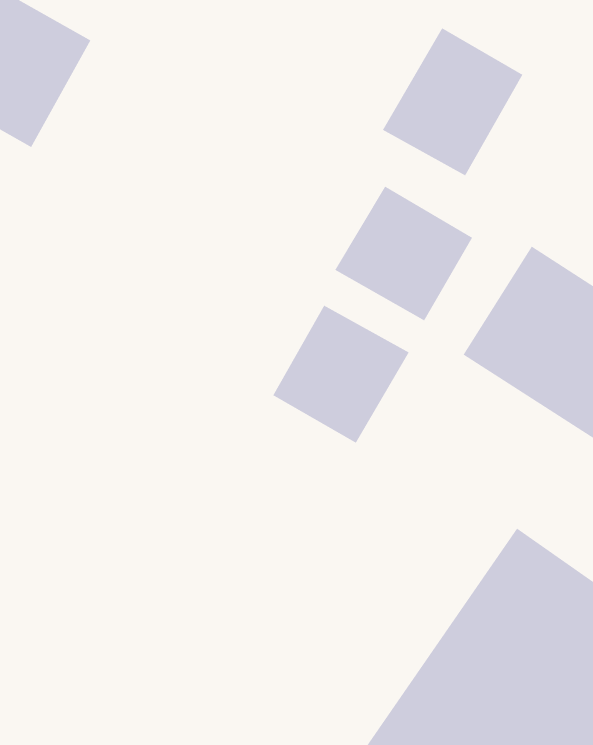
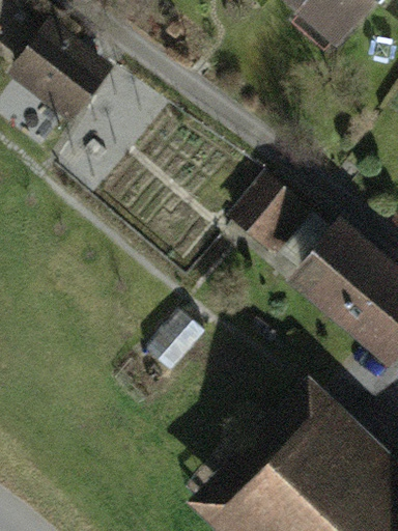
building: [382,27,524,177] -> none
building: [272,304,410,444] -> none

